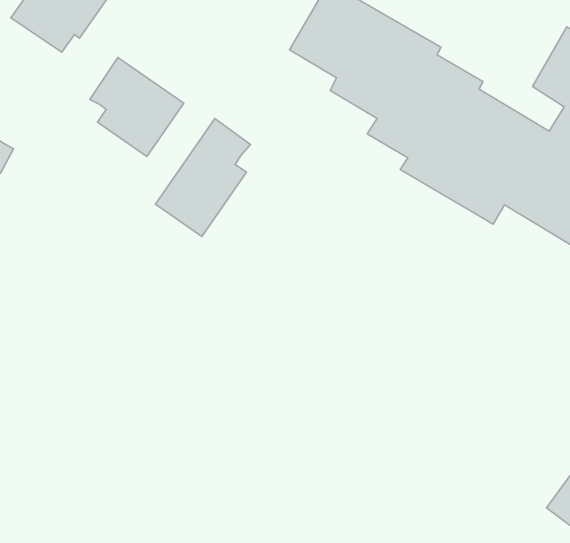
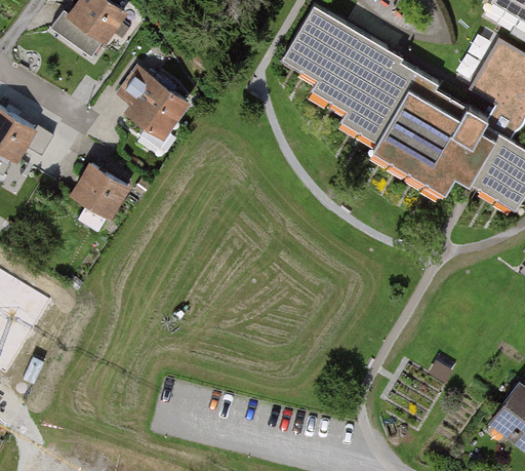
building: [155,118,250,237] -> none
building: none -> [73,165,130,220]

